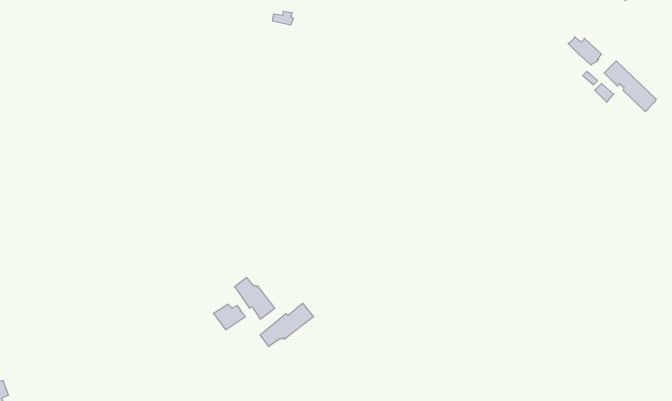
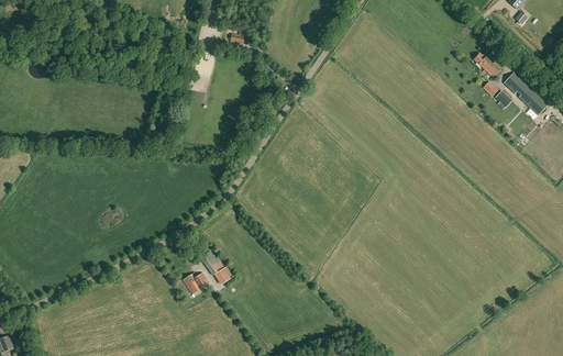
building: [260,303,314,347] -> none

